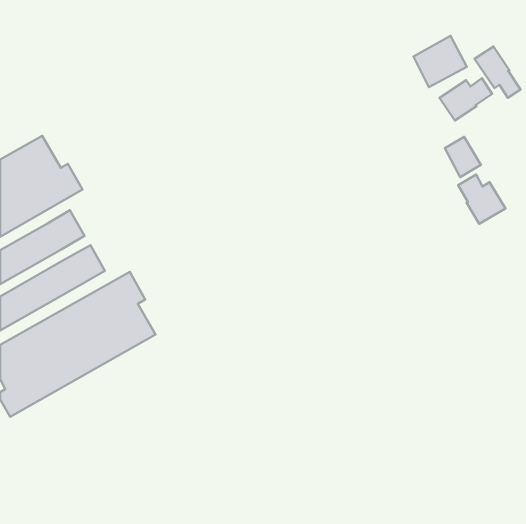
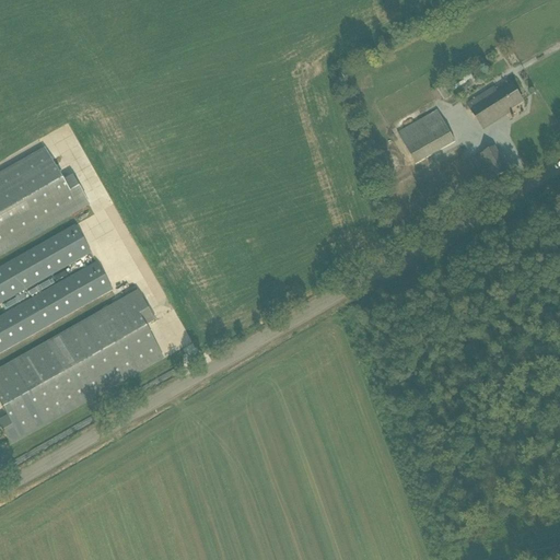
building: [413,36,467,87] -> [398,108,455,163]
building: [475,47,520,98] -> none
building: [458,175,506,224] -> none

